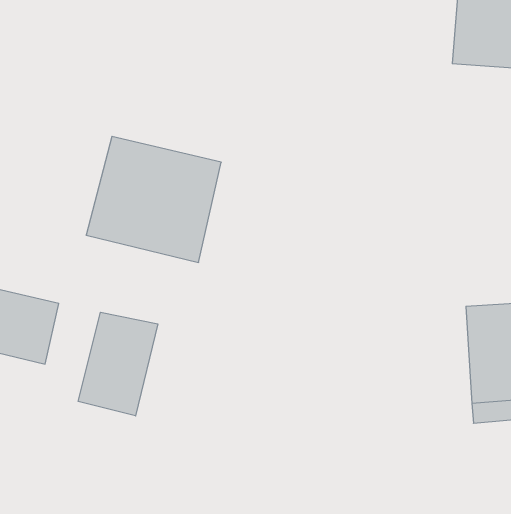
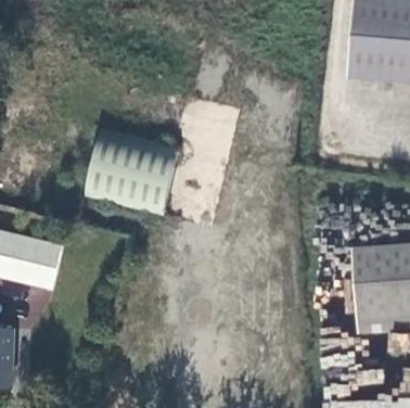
building: [78,312,158,416] -> none

